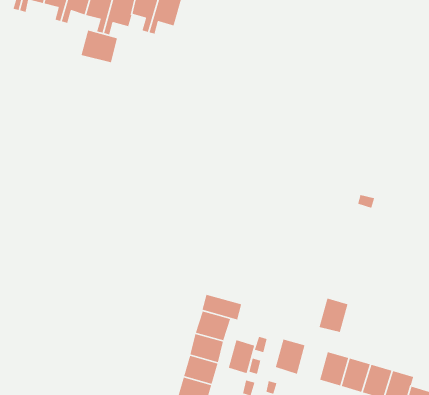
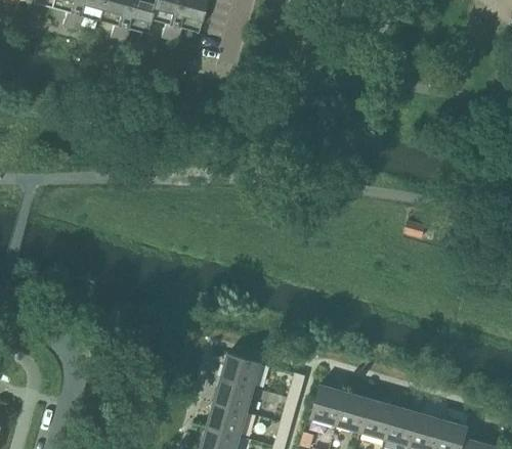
building: [81,29,118,63] -> none
building: [202,294,242,320] -> none
building: [319,297,349,333] -> [336,391,370,431]
building: [228,339,255,374] -> none

